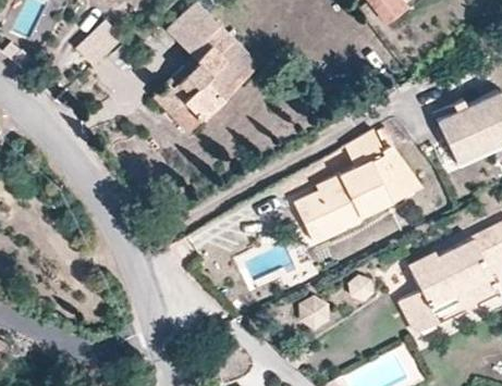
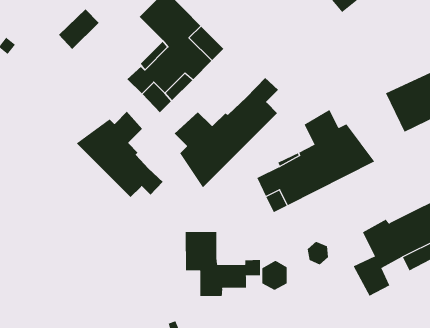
building: none -> [174,77,279,188]
building: none -> [76,111,163,198]
building: none -> [185,231,261,297]

